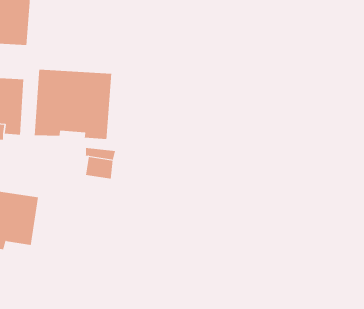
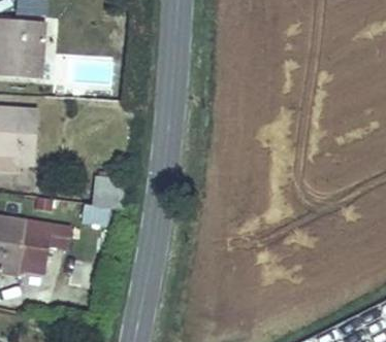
building: [34,69,112,140] -> none

